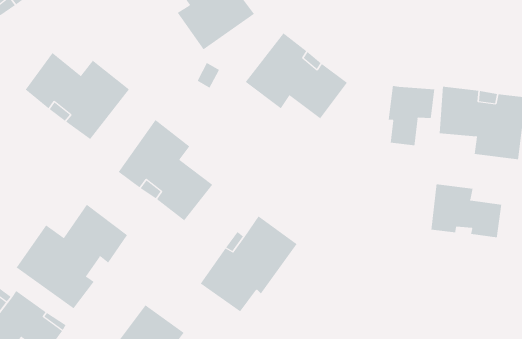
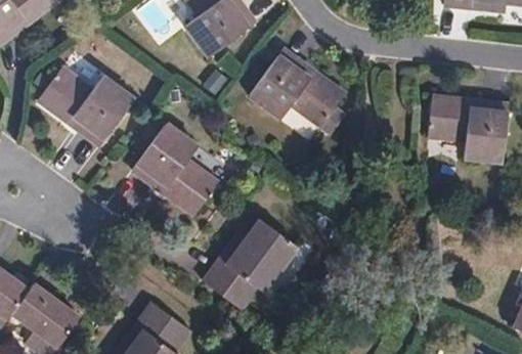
building: [388,85,435,146] -> none
building: [431,183,502,238] -> none
building: [16,204,128,309] -> none

